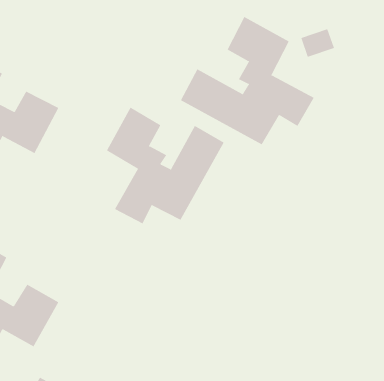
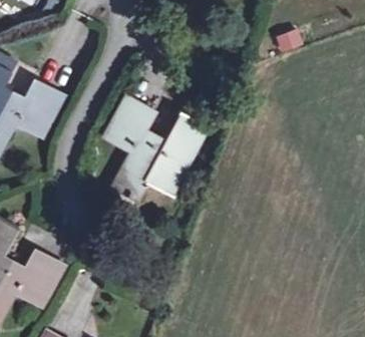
building: [180,16,315,145] -> none

